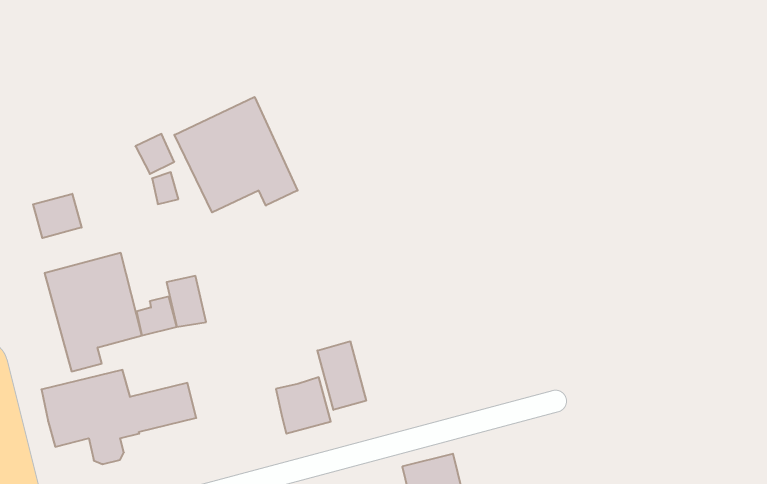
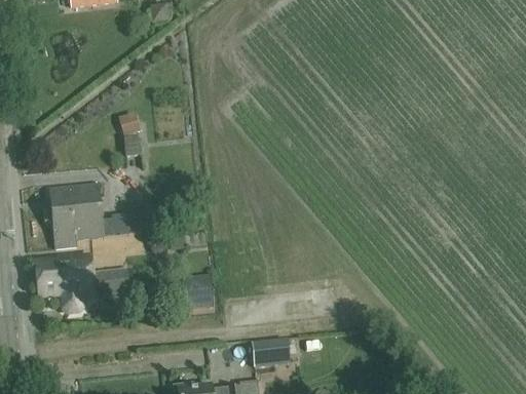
building: [174,97,298,212] -> none
building: [33,194,82,238] -> none
building: [317,341,366,410] -> none

